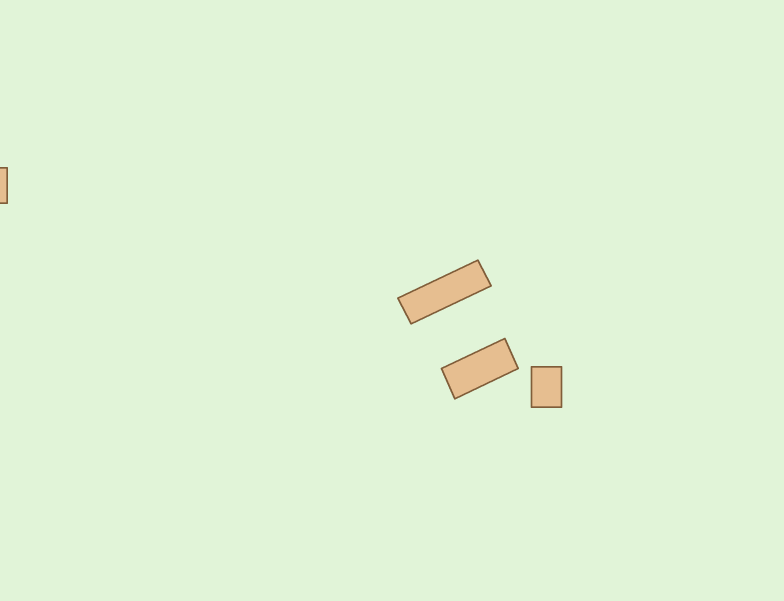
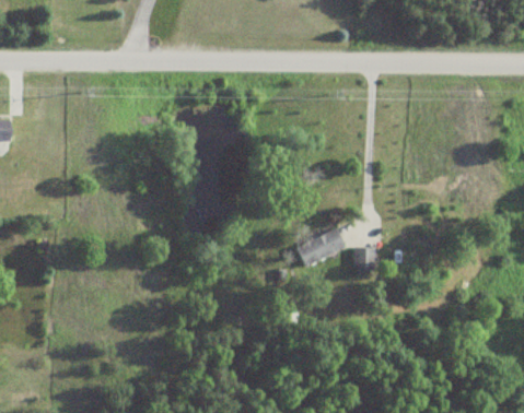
building: [398,260,491,324] -> none

